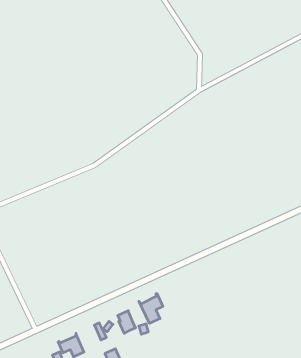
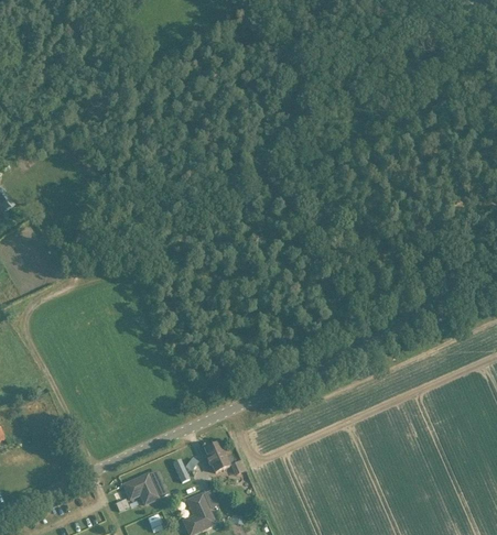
building: [139,294,163,323] -> none

